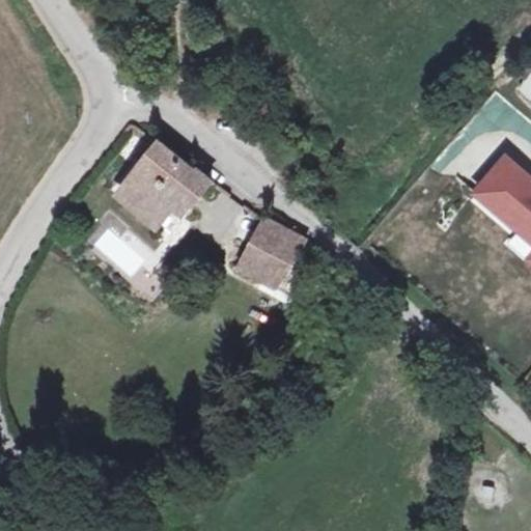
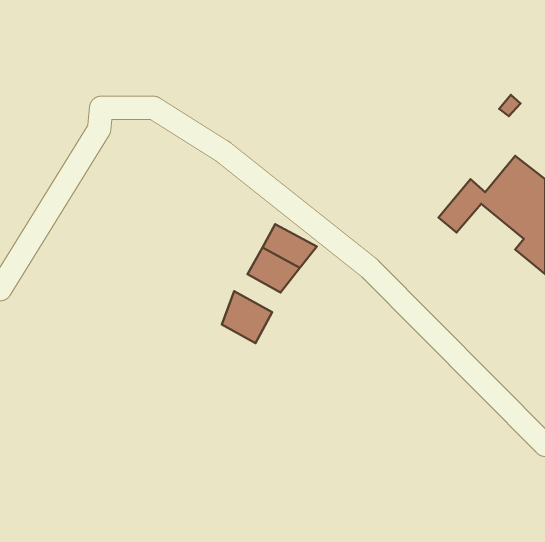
building: [120,142,214,226] -> none
building: none -> [222,291,272,343]

